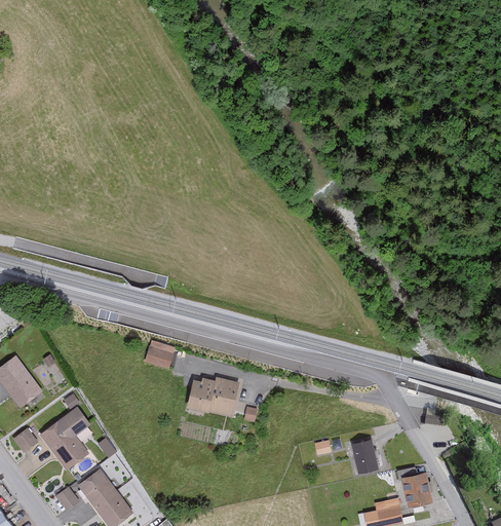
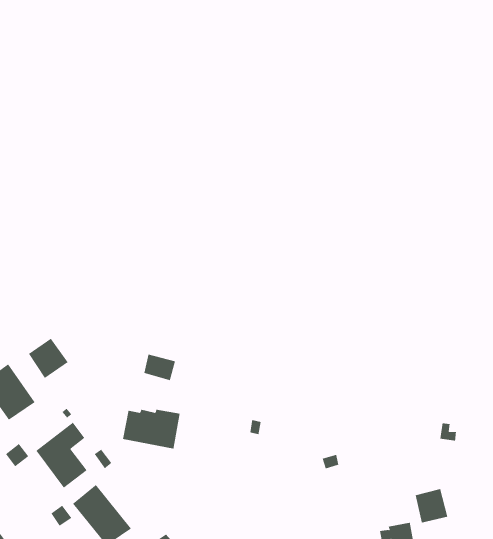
building: none -> [28,338,68,379]
building: [186,377,241,415] -> [122,409,181,449]
building: [353,438,381,469] -> none

